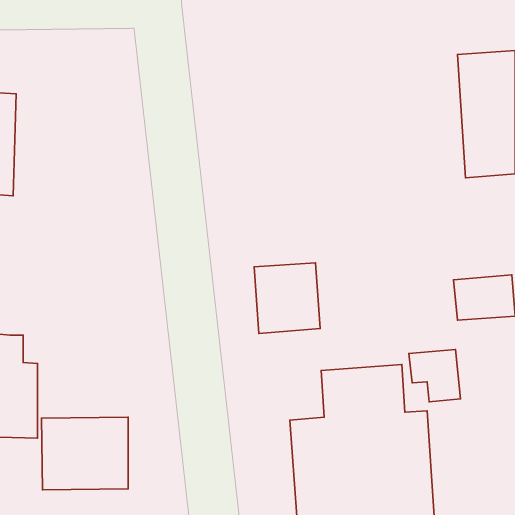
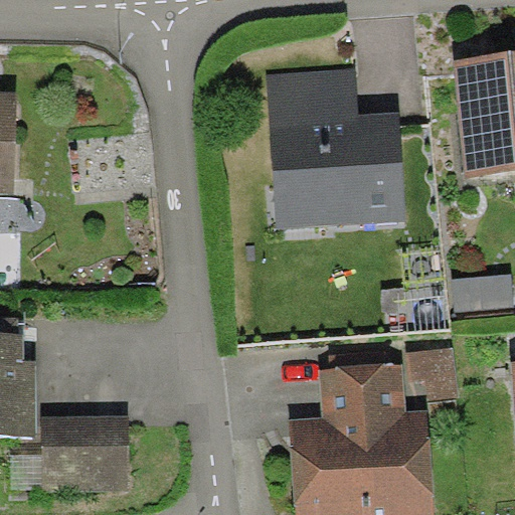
building: none -> [267,68,406,229]
building: [254,263,320,333] -> none

